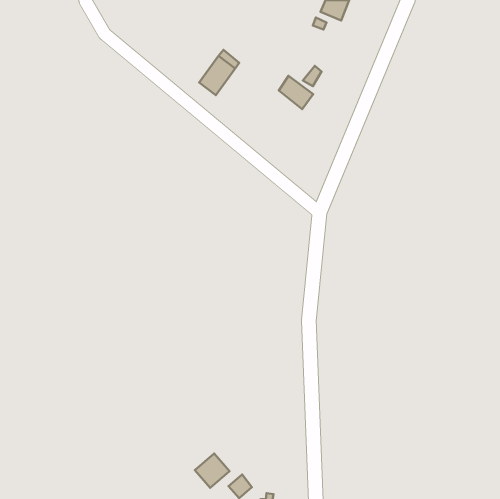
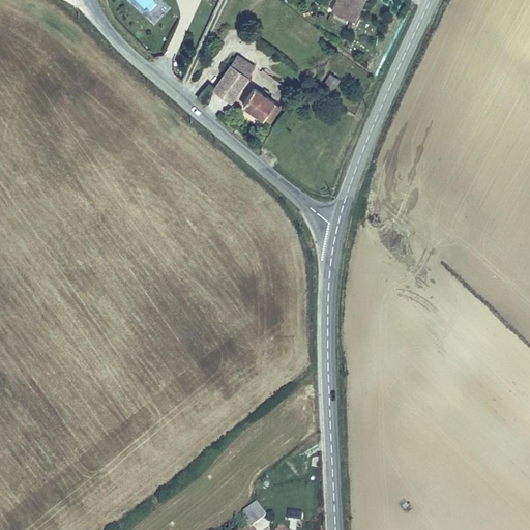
building: [279,76,313,109] -> [241,87,277,122]
building: [195,453,230,488] -> none

